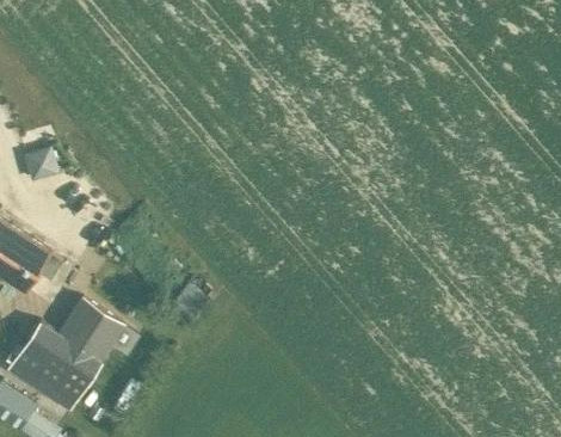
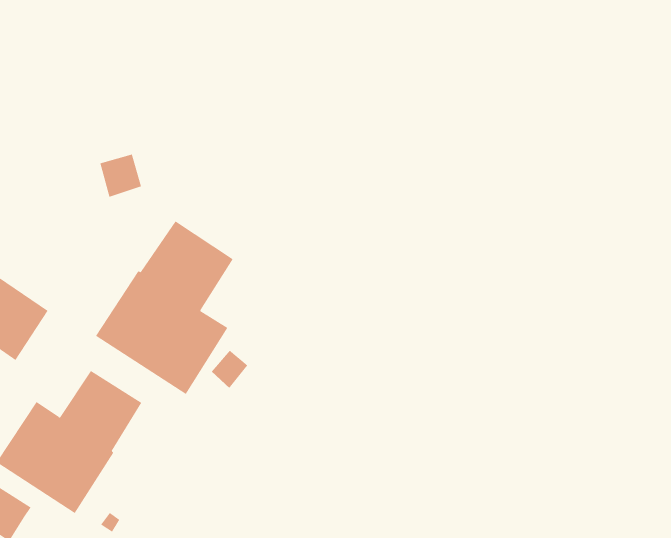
building: [25,149,57,183] -> [100,154,142,197]
building: none -> [95,220,233,395]

